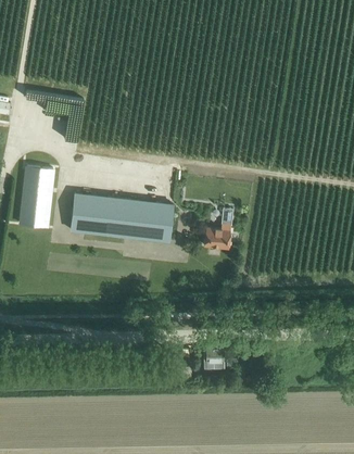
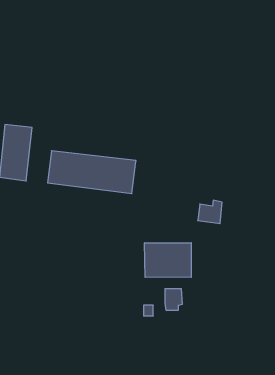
building: [203,223,230,249] -> [198,200,222,224]
building: none -> [145,243,191,277]

